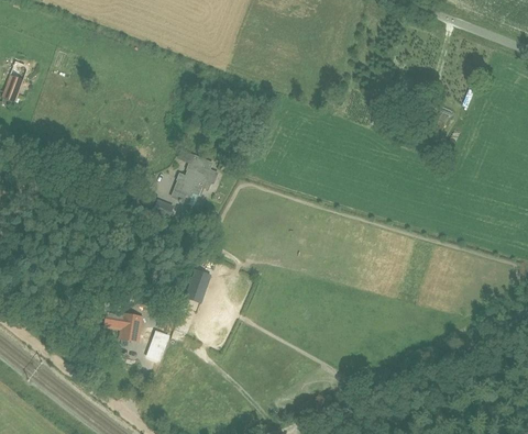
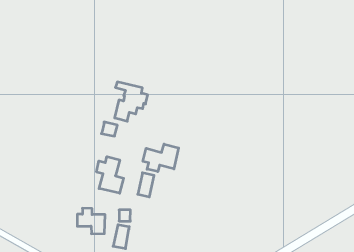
building: none -> [143,144,179,172]
building: none -> [97,157,124,193]

